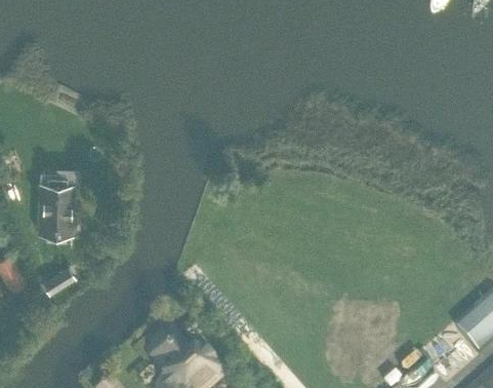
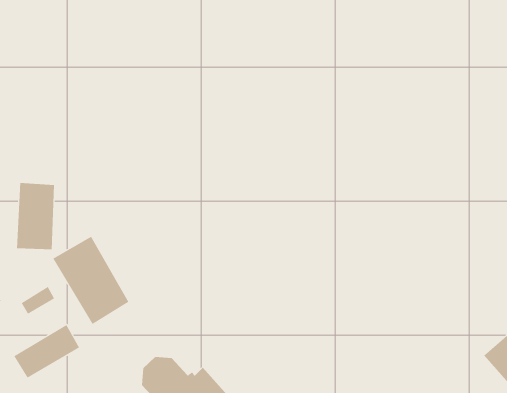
building: none -> [53,236,129,325]
building: none -> [14,324,80,378]

